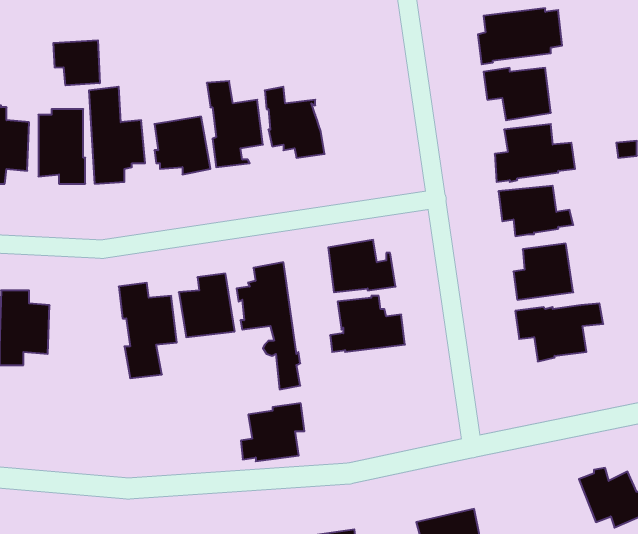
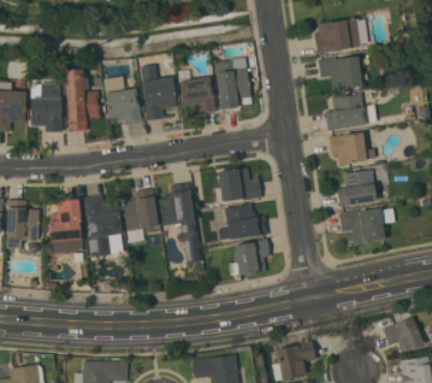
building: [53,40,100,85] -> none
building: none -> [213,57,250,110]
building: none -> [48,199,83,254]
building: [241,403,304,461] -> [229,238,270,276]

